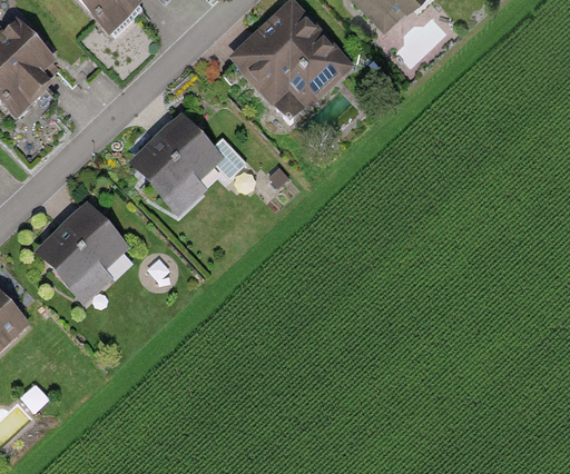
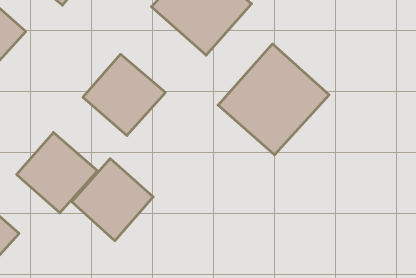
building: none -> [218,44,329,155]
building: none -> [72,159,153,241]

